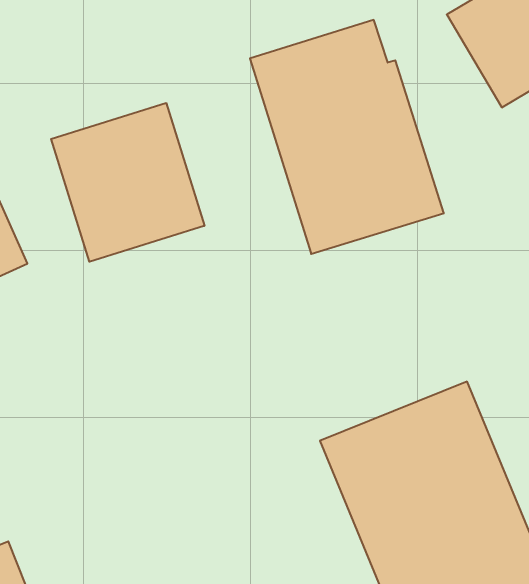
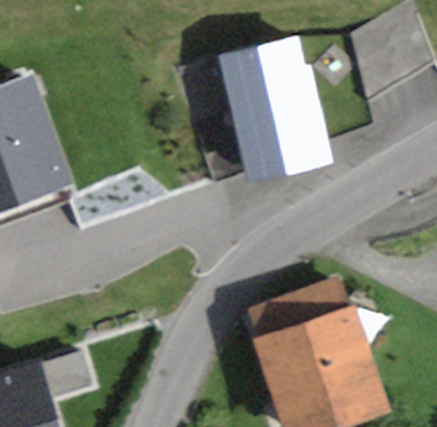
building: [51,103,204,262] -> none

